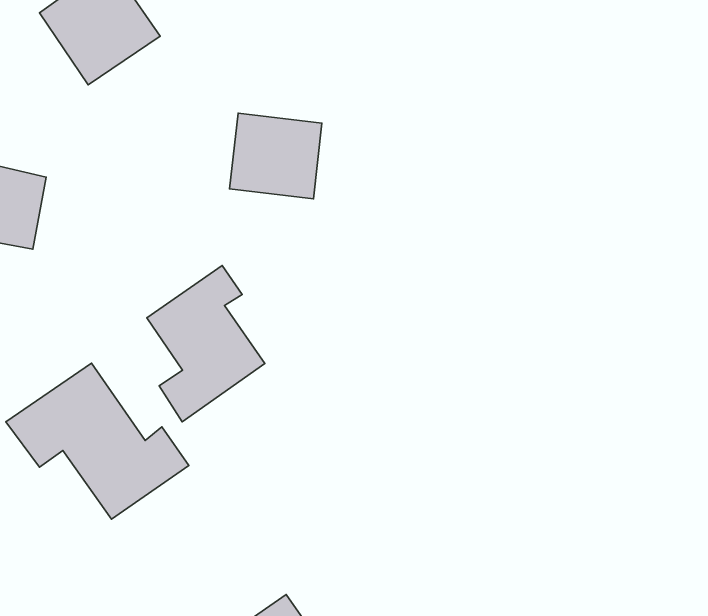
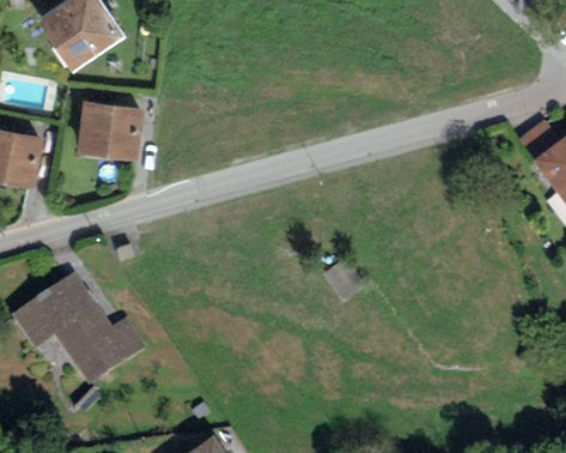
building: [230,113,322,199] -> [77,101,142,162]
building: [147,265,265,422] -> none

